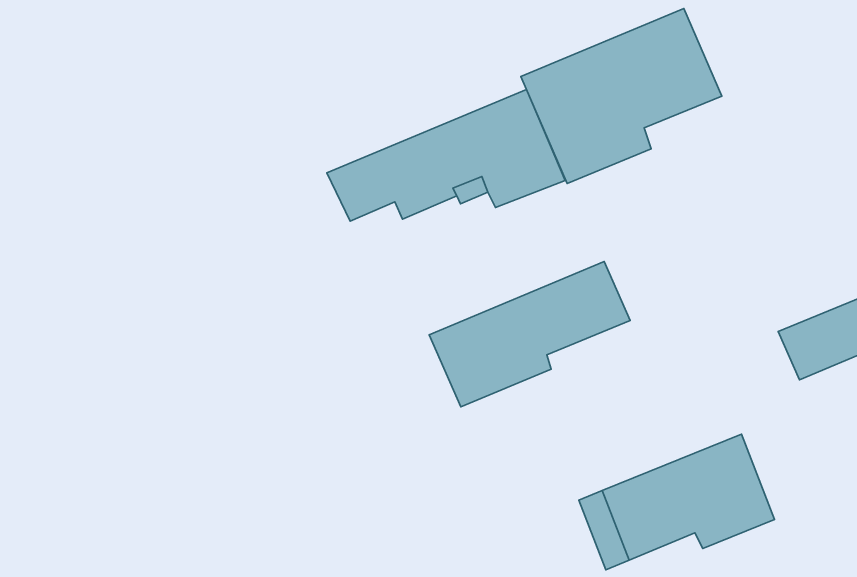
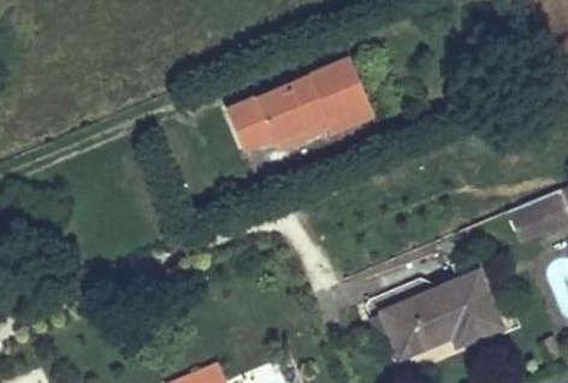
building: [521,8,722,184] -> none
building: [429,262,630,407] -> none

